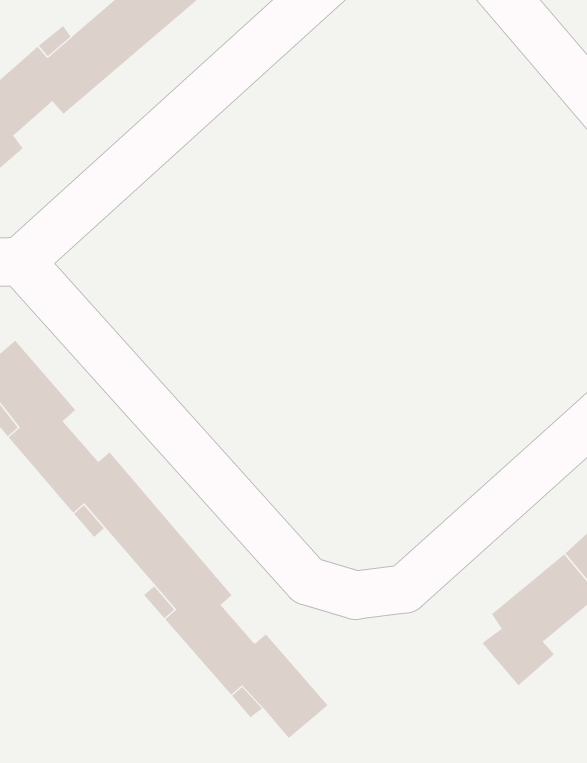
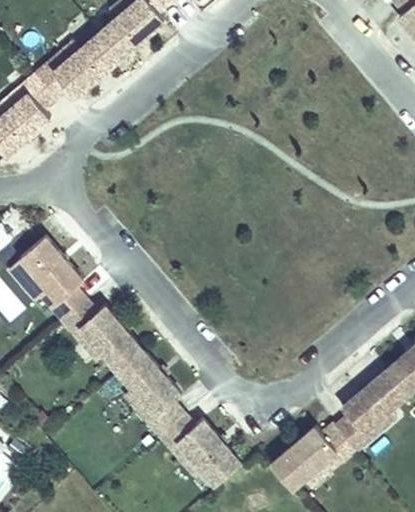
building: none -> [273,428,336,489]

